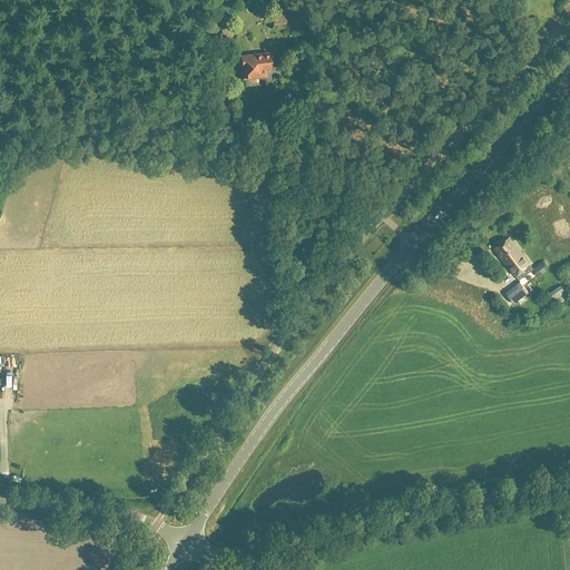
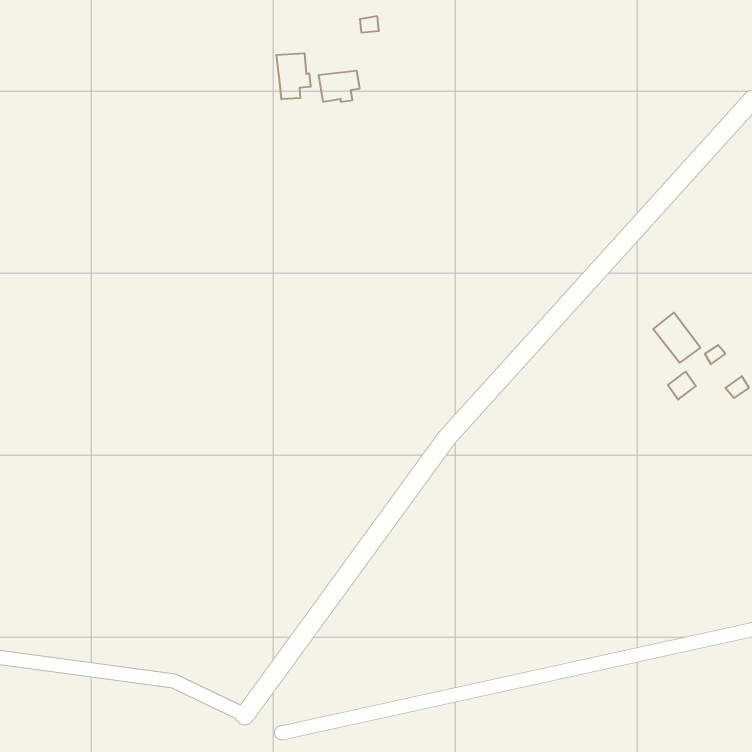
building: none -> [276,53,311,99]

